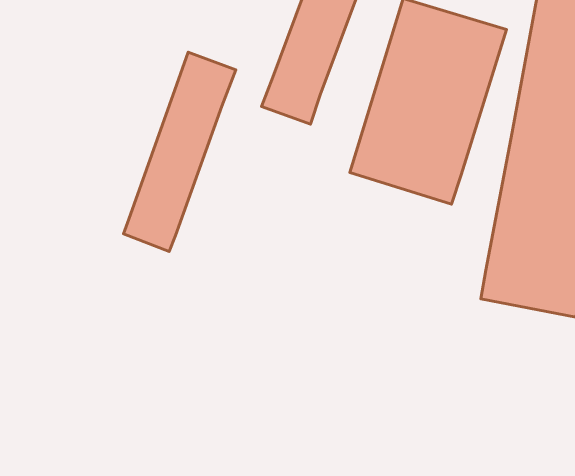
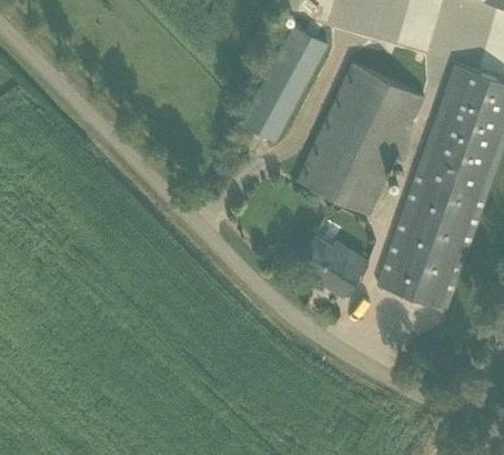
building: [124,52,236,252] -> none
building: none -> [296,235,364,295]

